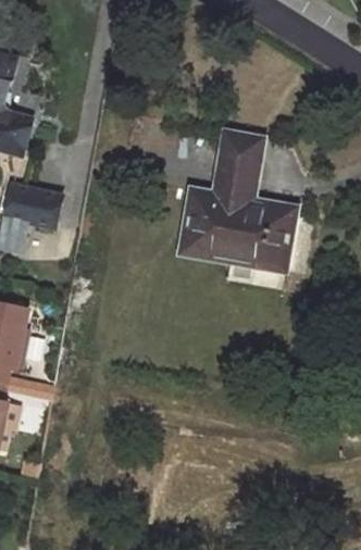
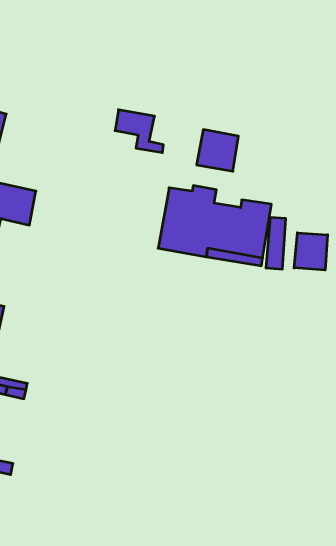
building: [216,168,264,211] -> [115,110,163,153]
building: none -> [294,233,328,270]

